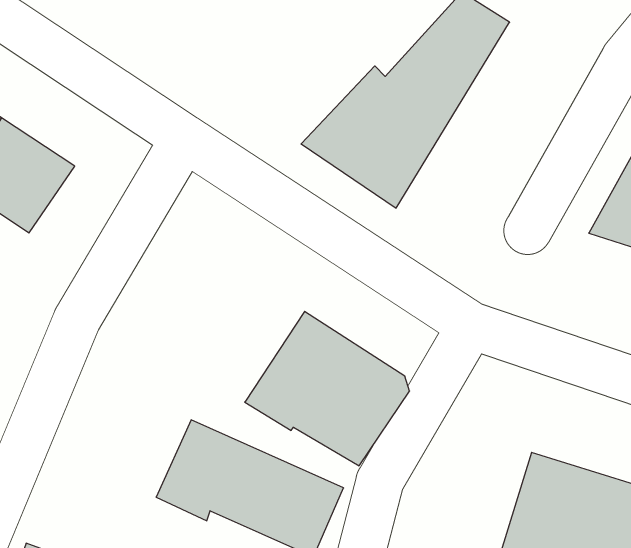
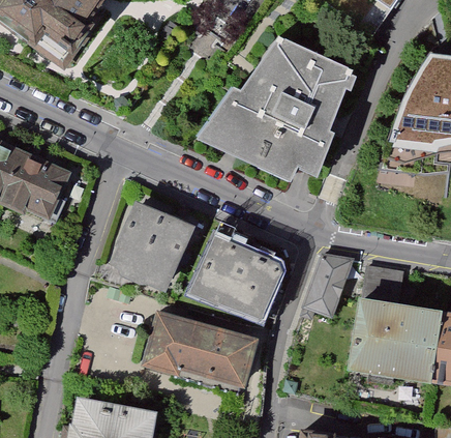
building: none -> [260,48,359,183]
building: none -> [109,203,194,295]
building: none -> [304,254,353,317]

